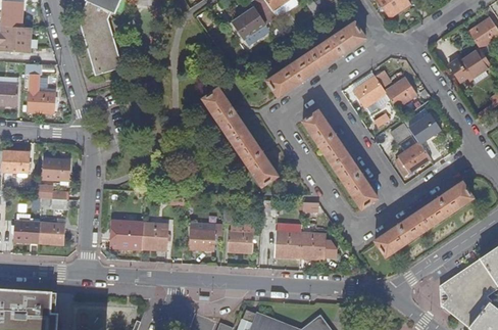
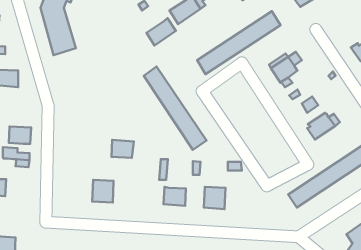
building: none -> [146,18,176,46]
building: [385,78,416,109] -> none
building: [302,111,377,208] -> none
building: [409,113,442,144] -> none
building: [39,222,64,243] -> none
building: [117,222,143,248] -> none
building: [189,229,215,250] -> [111,140,134,158]
building: [299,232,326,258] -> none

